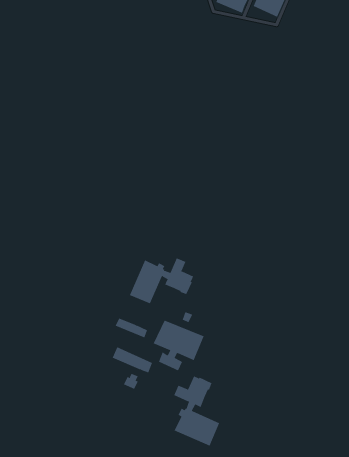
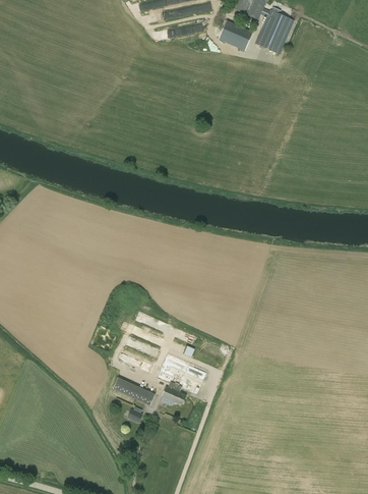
building: [129,257,194,304] -> none
building: [174,375,220,446] -> none

